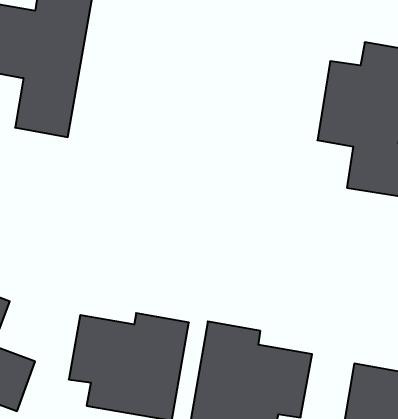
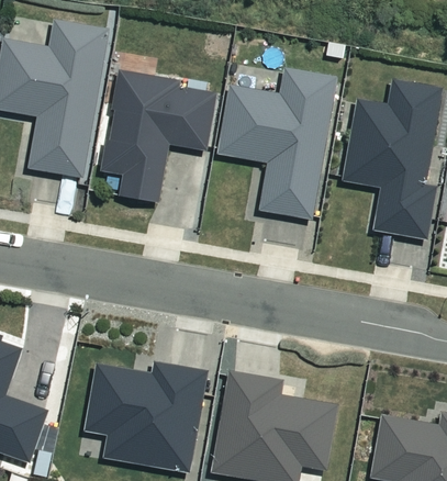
building: none -> [216,67,338,220]
building: none -> [100,70,216,202]

